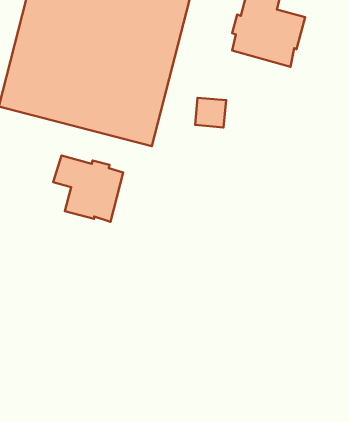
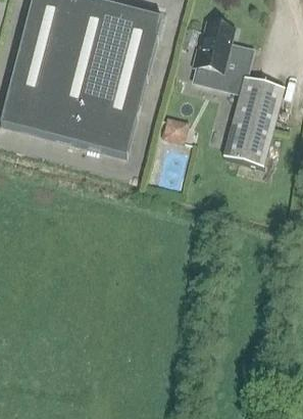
building: none -> [223,76,284,167]
building: [53,155,123,222] -> none

